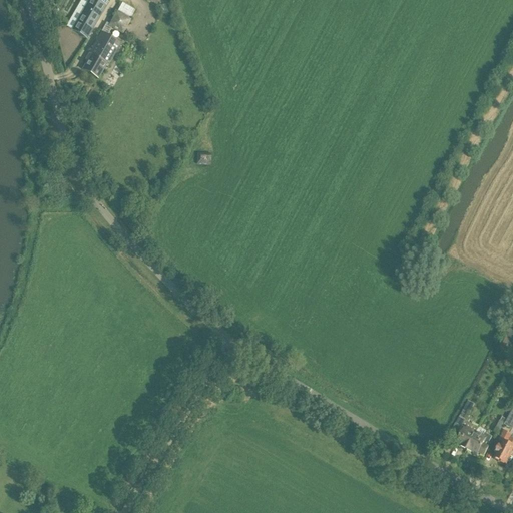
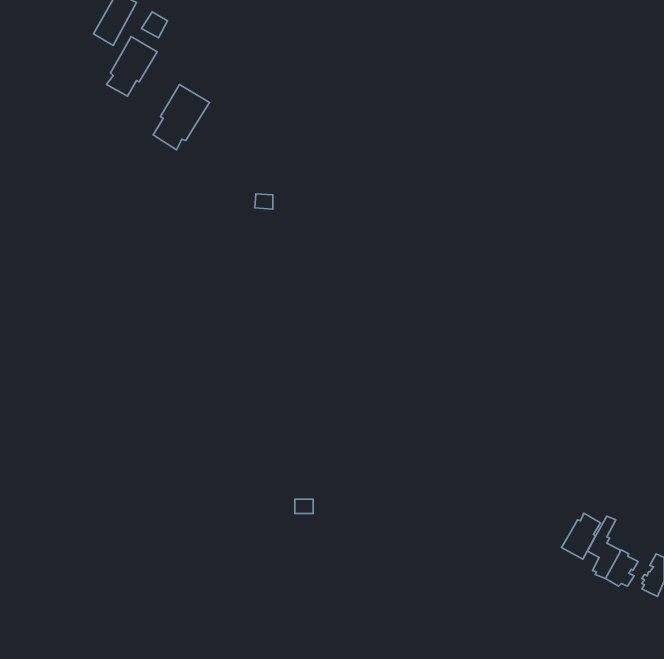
building: none -> [153,84,210,150]
building: none -> [562,513,600,559]

